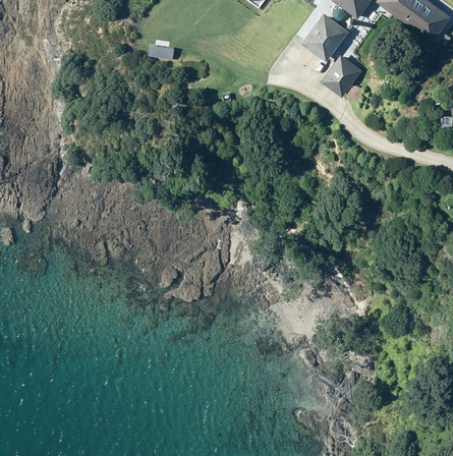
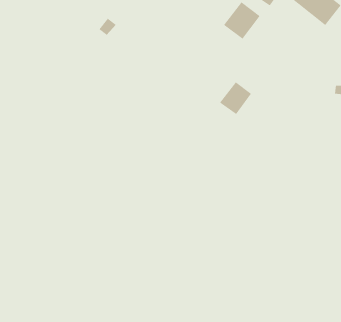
building: [321,55,361,97] -> [219,82,252,115]

